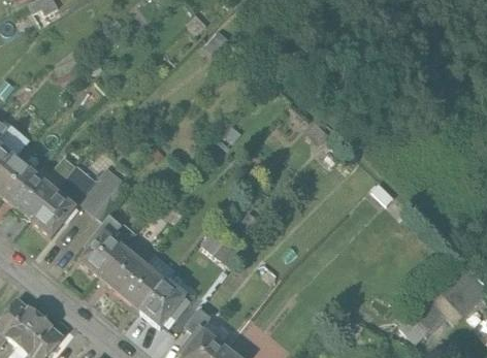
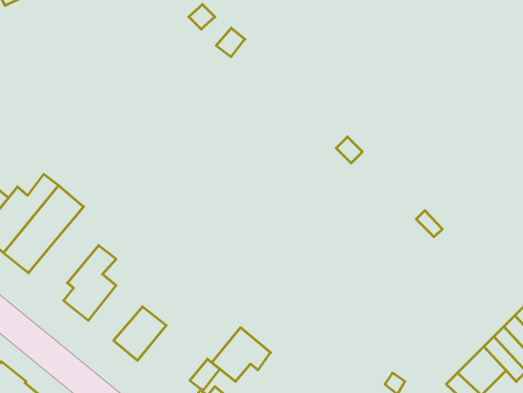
building: [88,168,123,210] -> none
building: [102,247,147,292] -> none
building: [142,280,191,324] -> [212,328,271,381]

